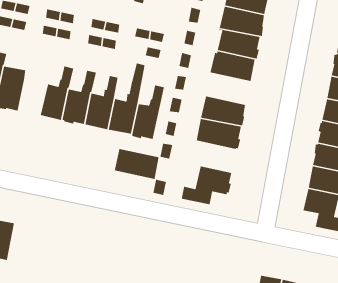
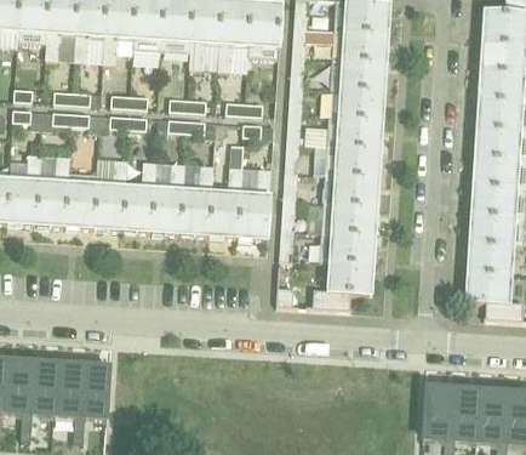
building: none -> [95,157,127,226]
building: none -> [325,142,379,175]
building: [114,148,160,180] -> [319,229,373,262]

